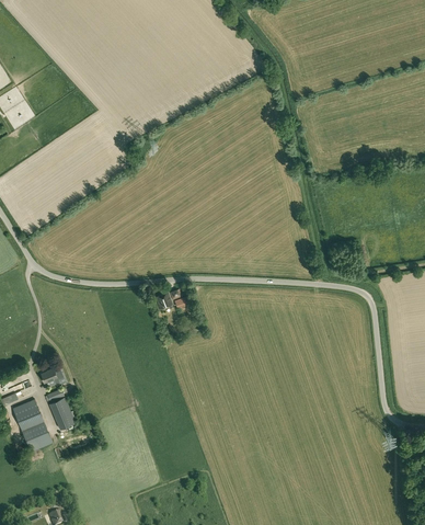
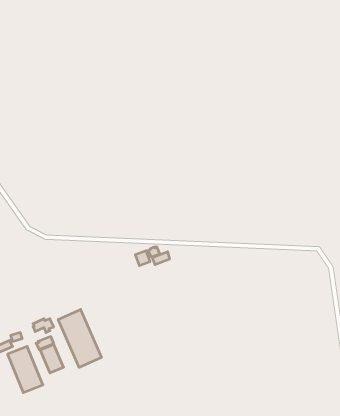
building: none -> [58,309,101,367]

